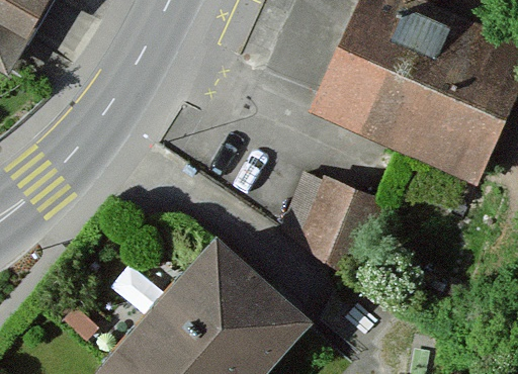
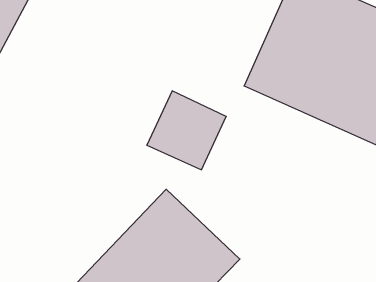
building: [275,158,373,255] -> [147,91,226,170]

